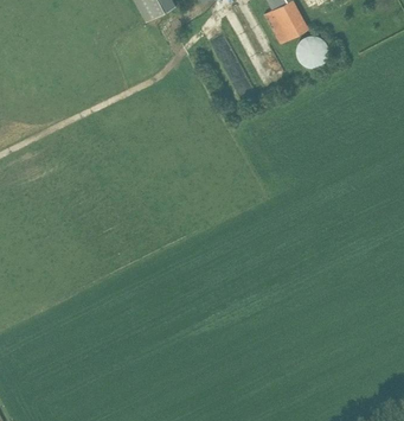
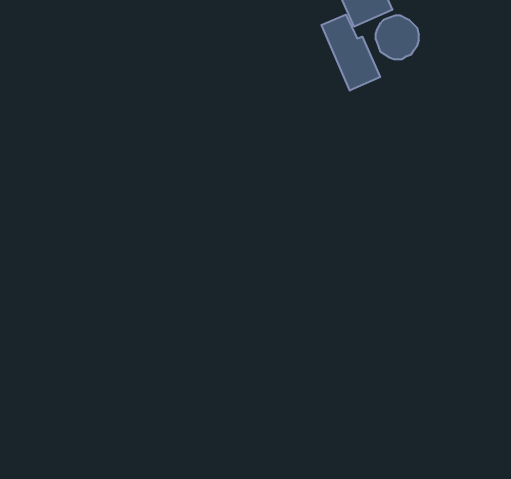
building: none -> [321,15,380,91]

